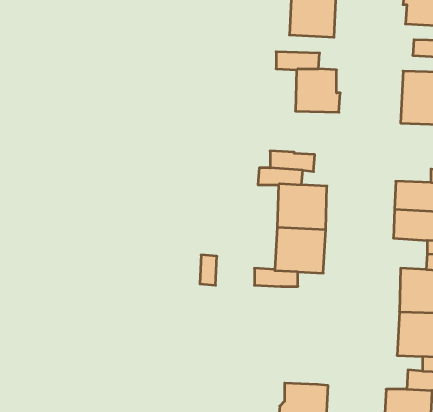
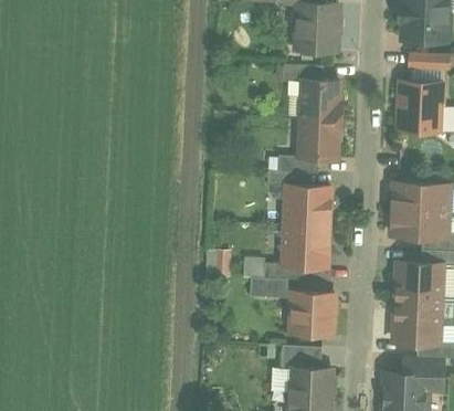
building: none -> [300,118,341,158]
building: none -> [251,277,288,297]
building: none -> [291,292,335,334]
building: none -> [282,345,323,368]

